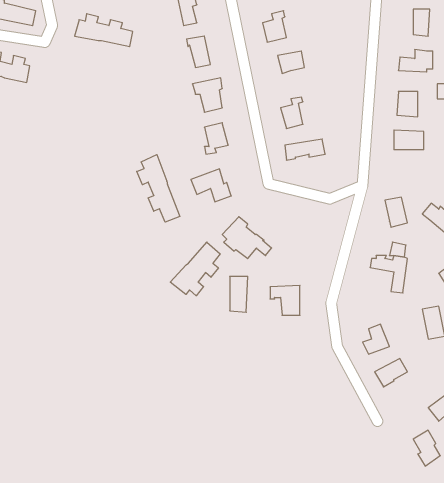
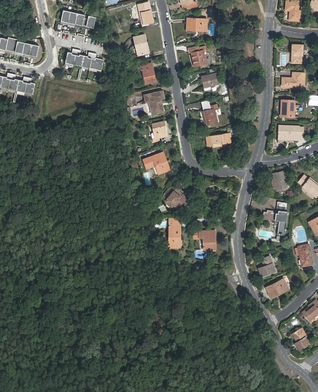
building: [137,155,180,222] -> none
building: [170,242,220,296] -> none

